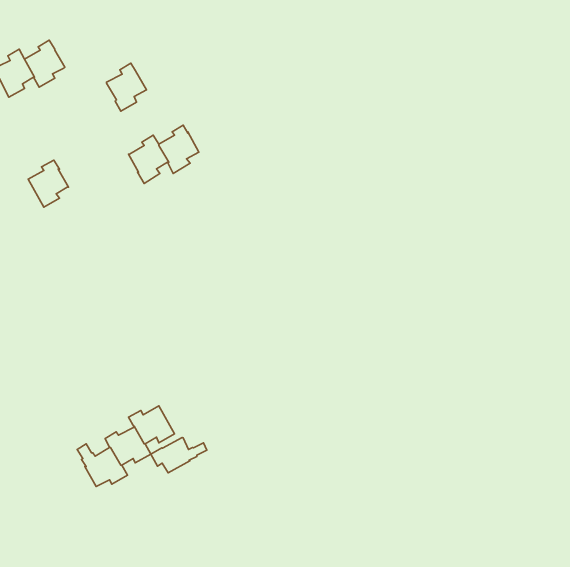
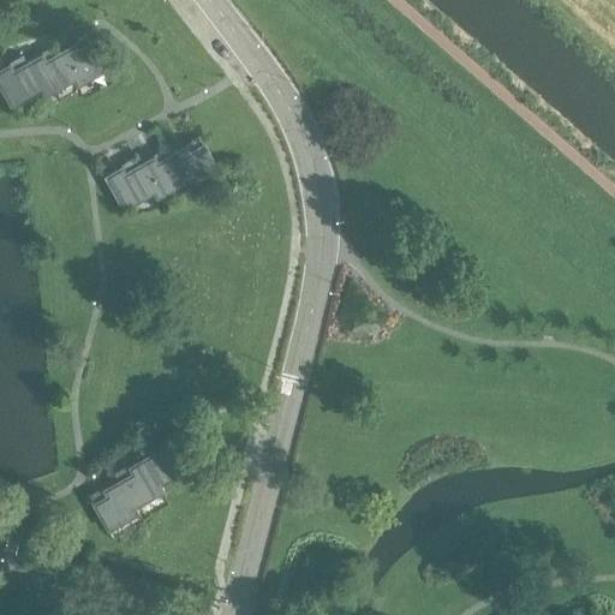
building: [106,63,147,111] -> [59,37,102,89]
building: [28,160,68,207] -> [106,161,149,211]
building: [151,437,207,473] -> none

